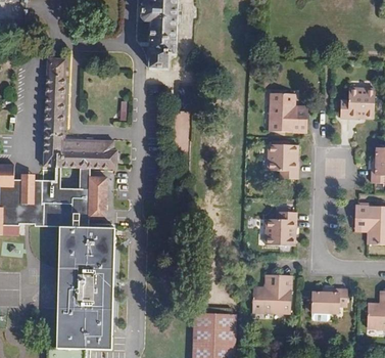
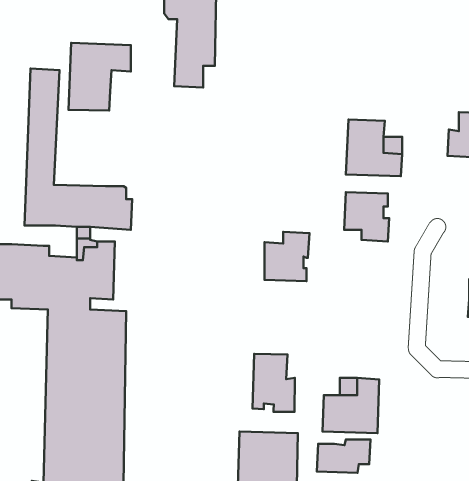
building: none -> [69,43,131,111]
building: [266,211,297,245] -> [264,232,309,281]
building: none -> [253,354,295,412]
building: [310,288,348,312] -> [317,439,371,473]

